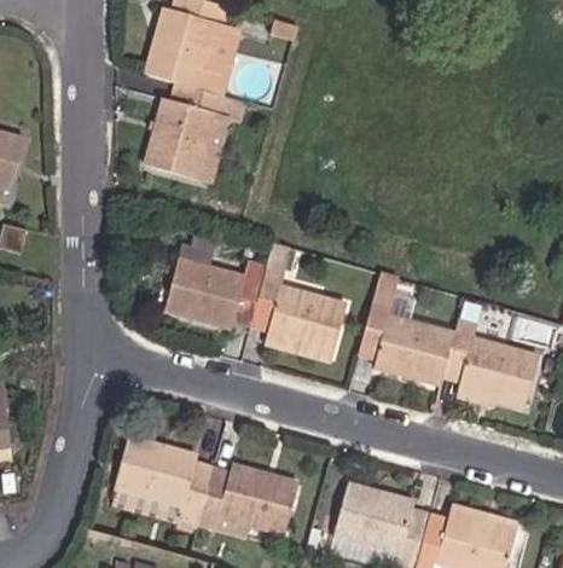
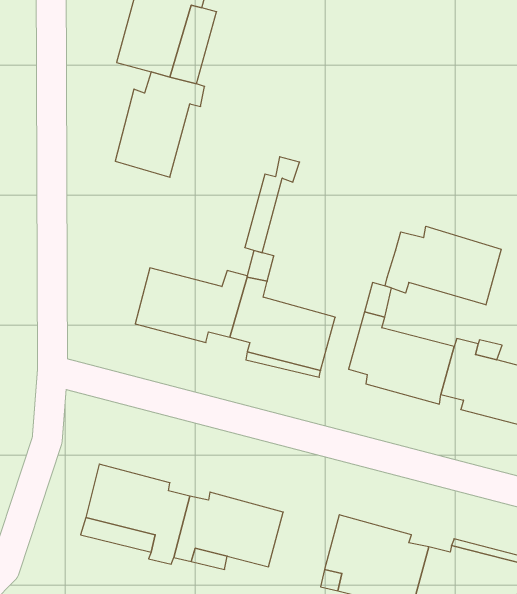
building: [195,95,244,182] -> [245,157,300,253]
building: none -> [385,226,501,305]

